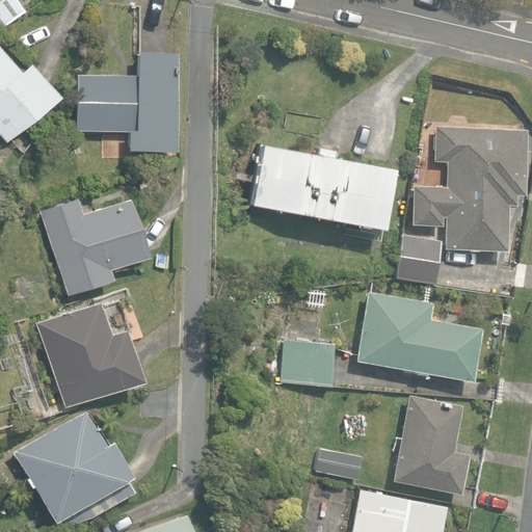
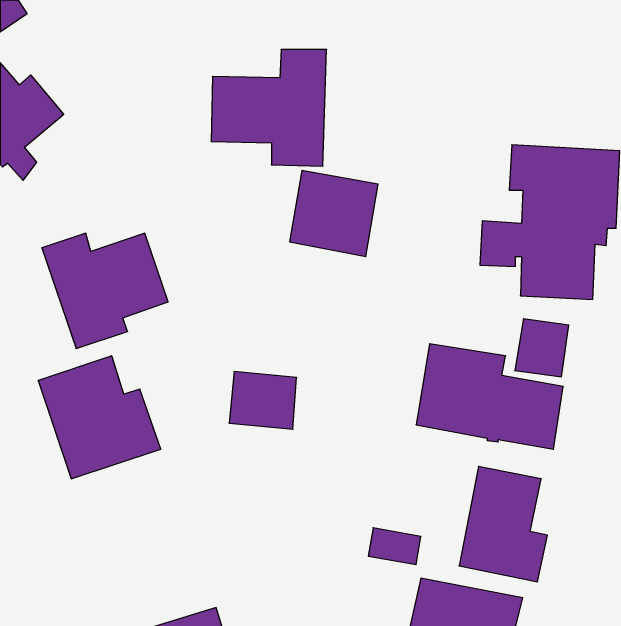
building: [78,53,176,152] -> [211,50,327,166]
building: [315,157,393,231] -> none
building: [397,235,443,284] -> [515,319,569,377]
building: [280,339,337,388] -> [229,372,297,429]
building: [15,411,135,527] -> none

